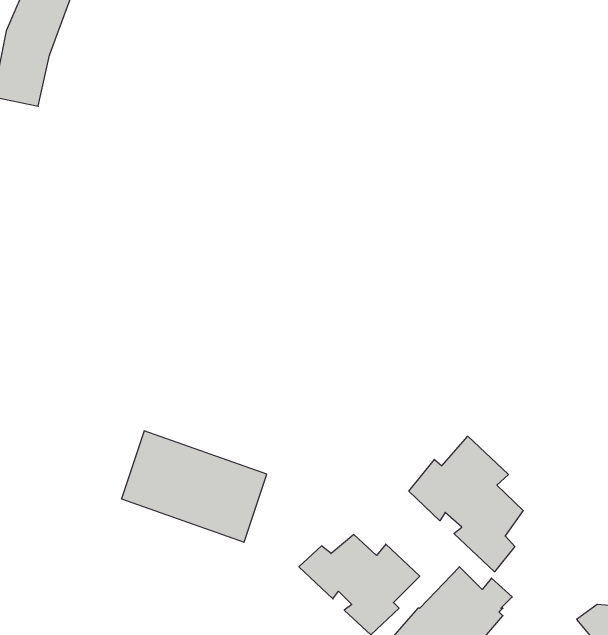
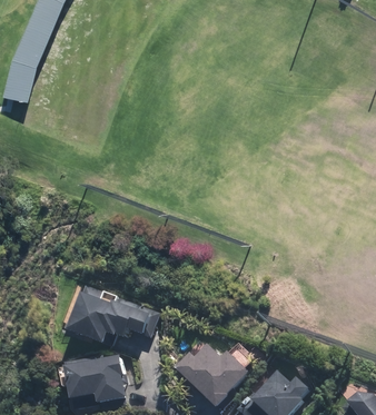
building: [409,436,523,572] -> none
building: none -> [77,362,126,398]

